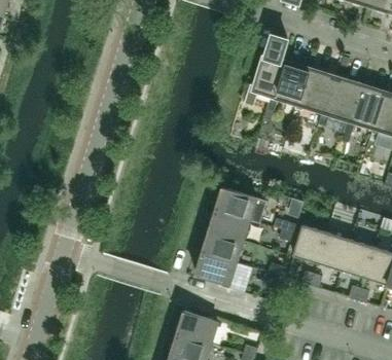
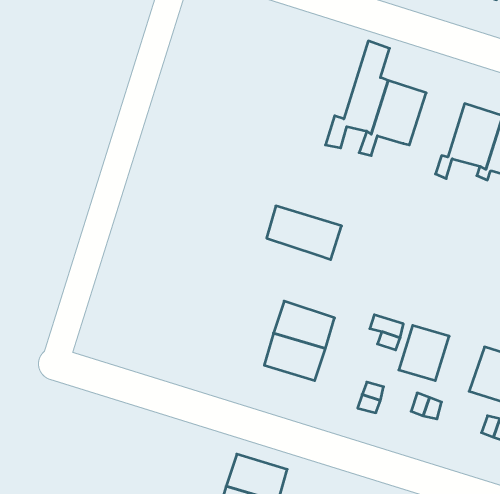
building: [295,69,337,112] -> none
building: [216,187,266,223] -> [267,206,342,260]
building: [318,232,351,269] -> none
building: [195,252,237,284] -> none

